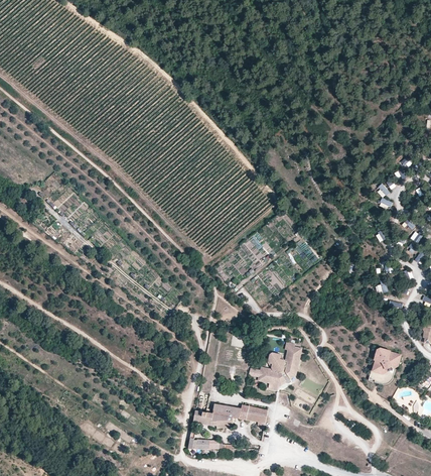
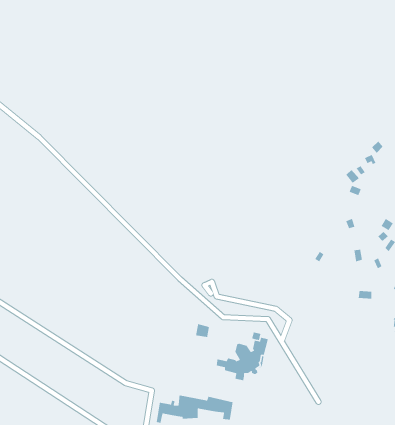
building: [368,347,400,383] -> none

